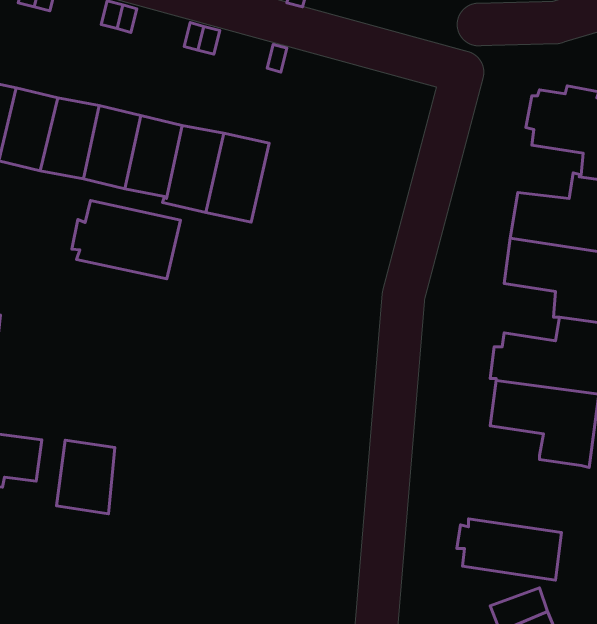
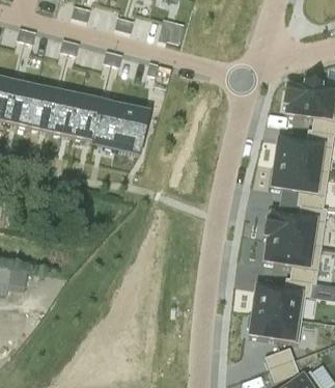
building: [72,201,181,279] -> none
building: [57,440,115,514] -> none
building: none -> [252,276,311,316]

